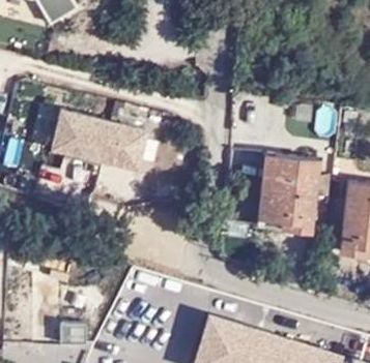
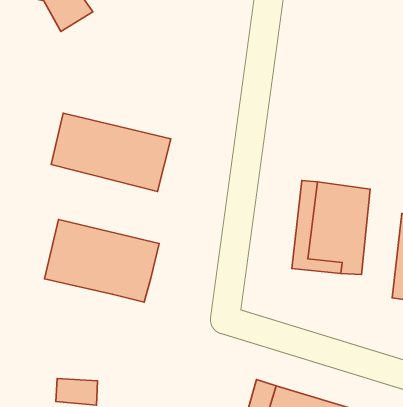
building: none -> [45,220,159,302]

